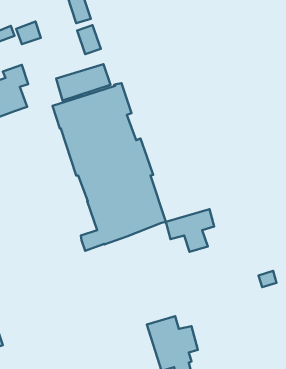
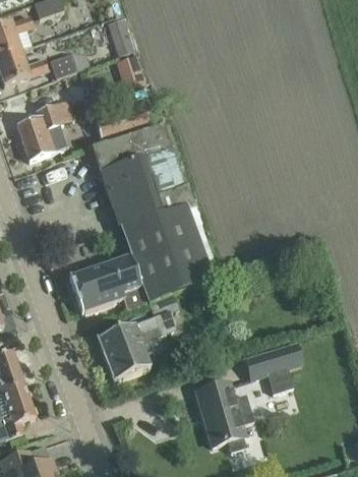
building: none -> [68,253,140,312]
building: [166,209,214,252] -> [247,345,301,393]
building: none -> [97,293,179,380]

